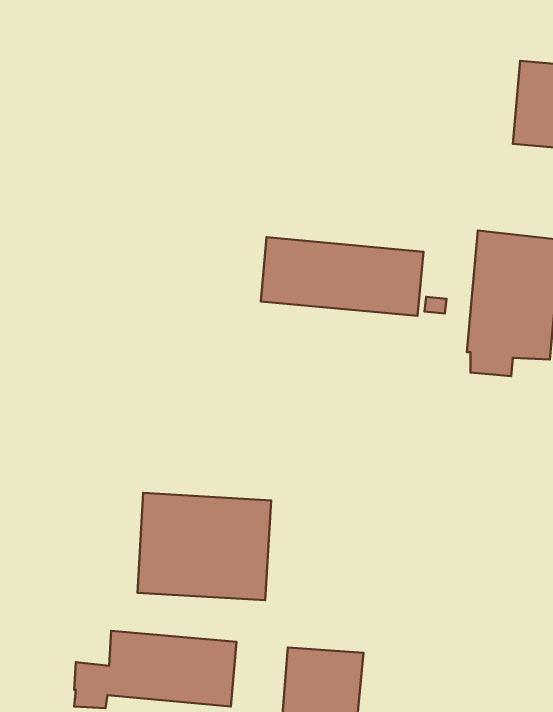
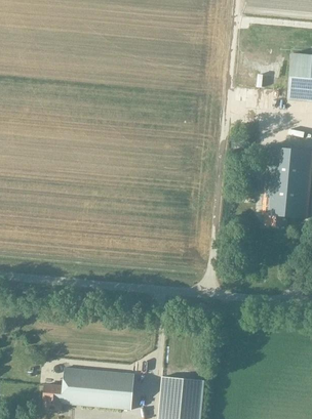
building: [261,237,423,316] -> none
building: [137,493,271,600] -> none

